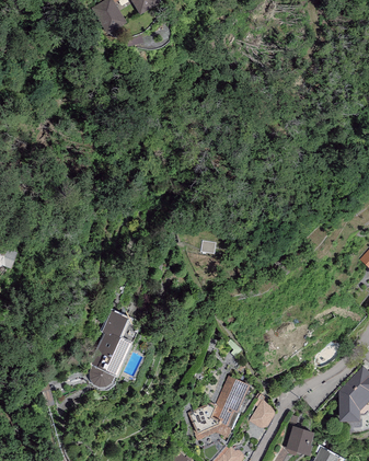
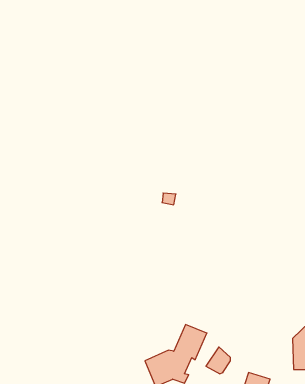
building: [89,310,130,387] -> none

